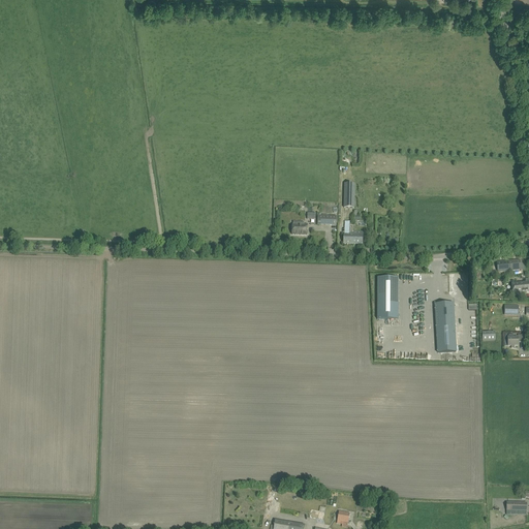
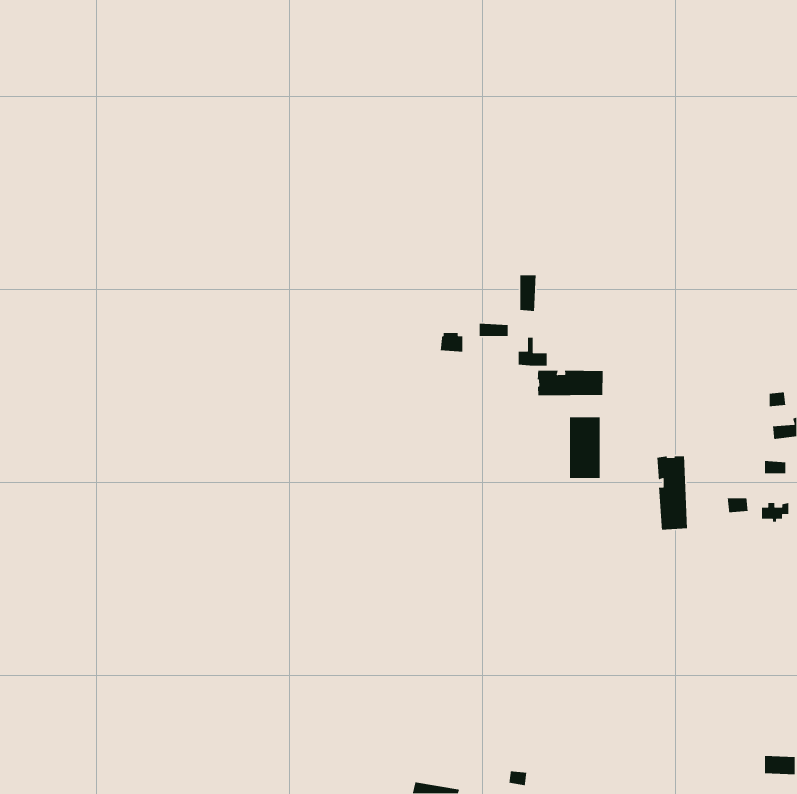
building: none -> [537,370,603,396]

